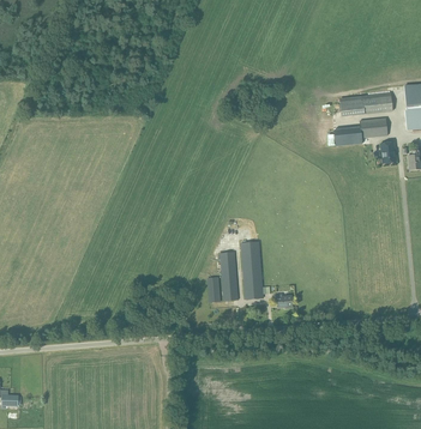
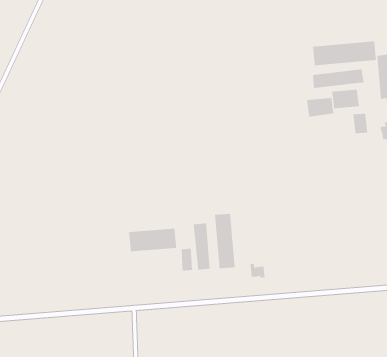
building: none -> [312,41,377,66]
building: none -> [128,228,177,252]

